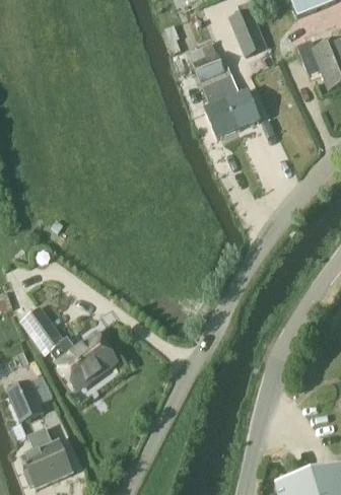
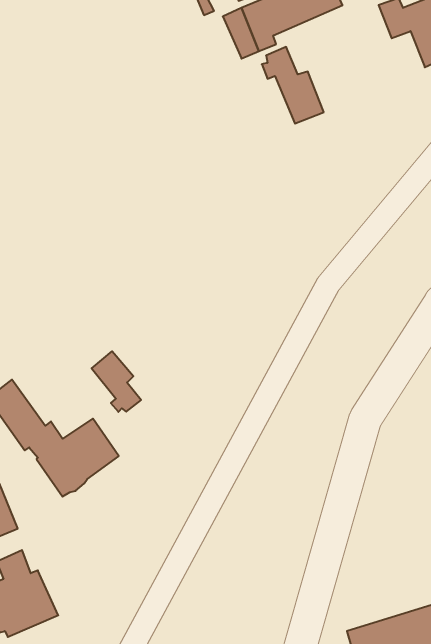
building: [203,79,238,136] -> none
building: none -> [92,351,141,412]

